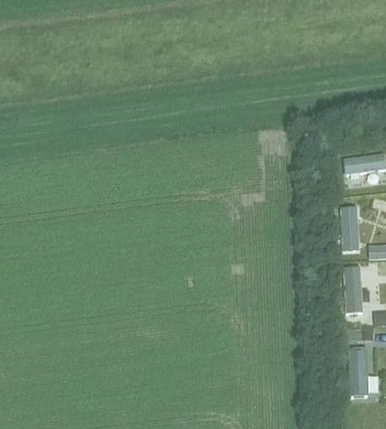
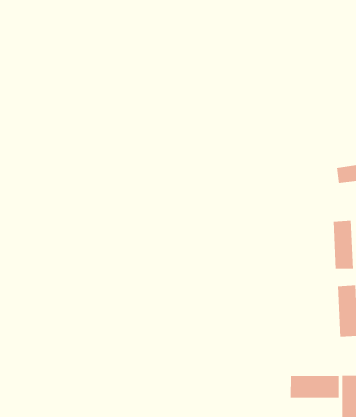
building: none -> [290,375,339,399]

